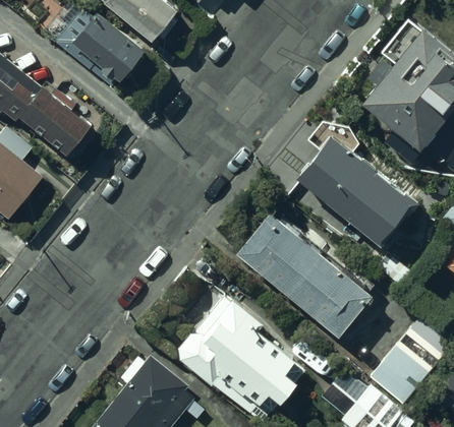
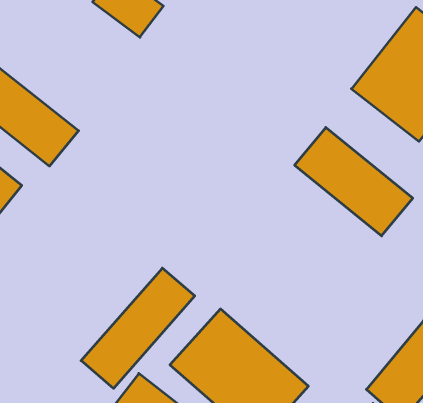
building: [51,15,139,93] -> none
building: [232,203,370,330] -> none
building: none -> [81,268,195,388]

